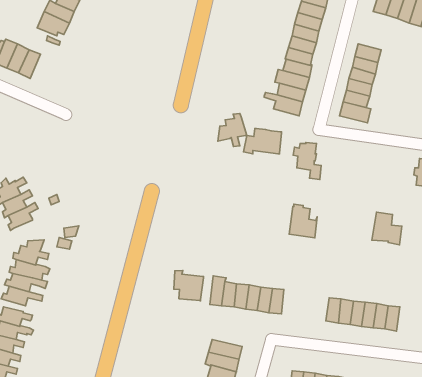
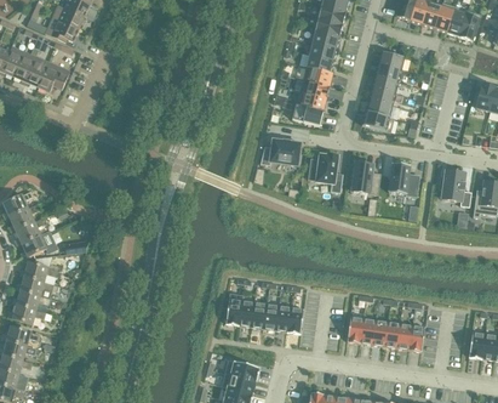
building: none -> [38,61,70,91]
building: [218,113,247,146] -> none
building: [289,204,317,238] -> [351,159,380,194]
building: [372,212,402,245] -> [388,163,419,197]
building: none -> [21,229,58,257]
building: [174,270,204,301] -> none

